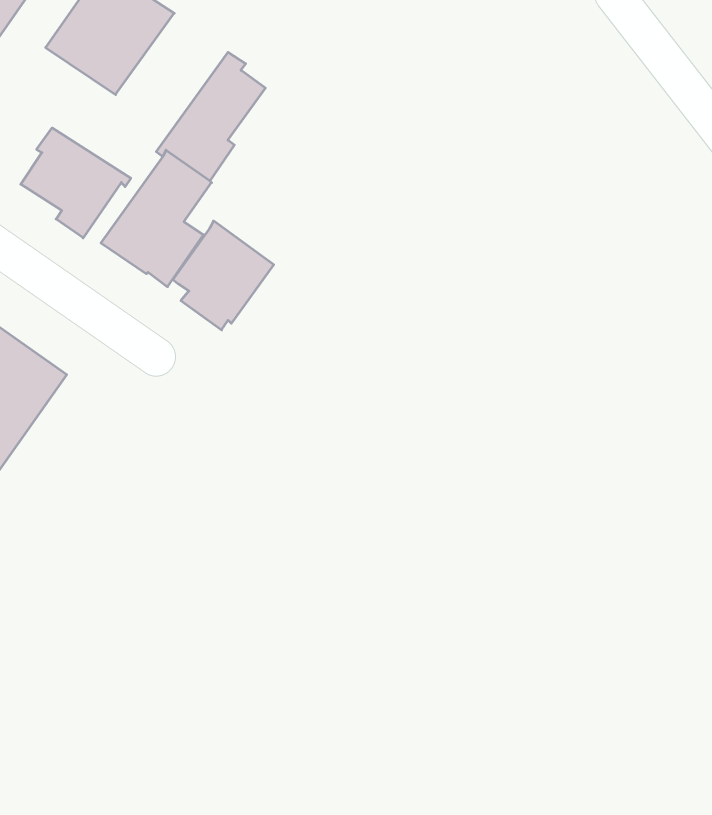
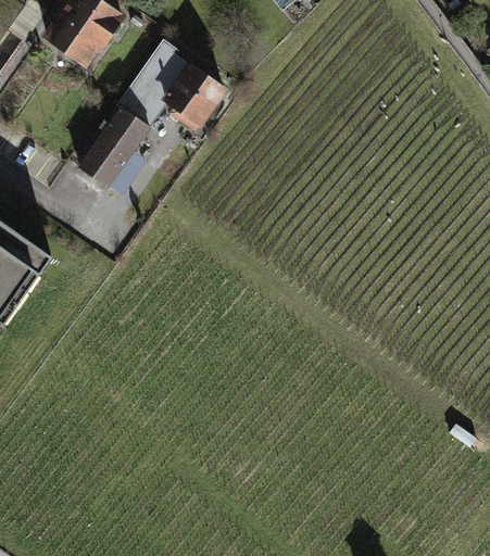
building: [21,128,131,238] -> none
building: [173,221,274,330] -> [160,60,227,132]

